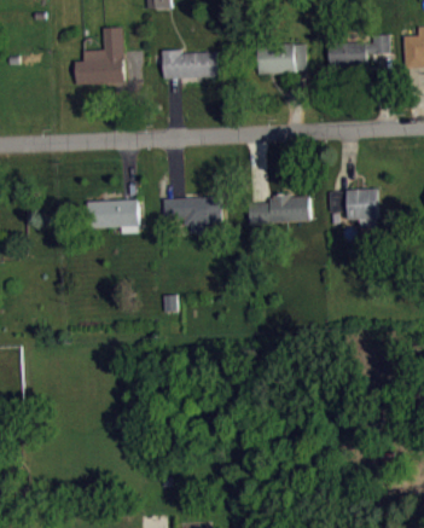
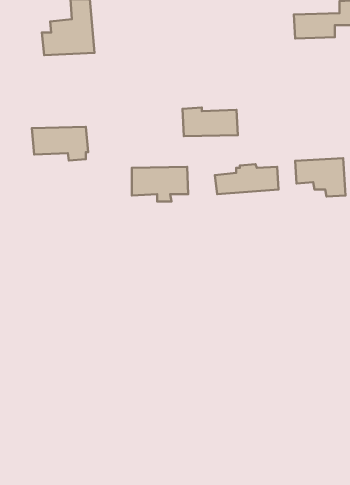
building: [256,43,307,74] -> none
building: [162,50,217,79] -> [183,108,238,136]
building: [83,201,140,234] -> [32,127,88,160]

